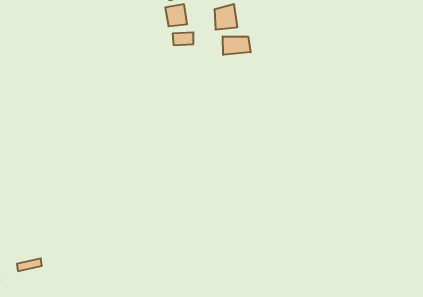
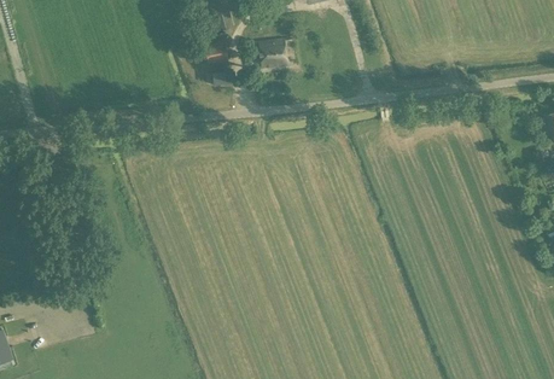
building: [223,36,251,55] -> none

